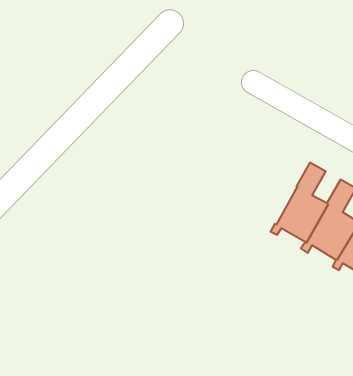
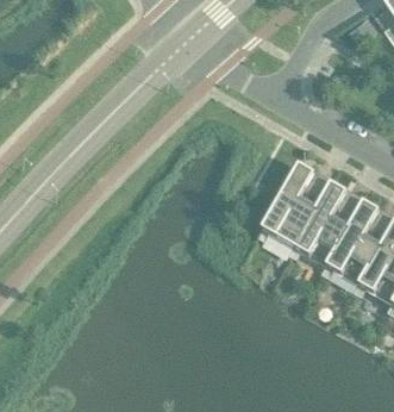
building: none -> [257,160,318,244]

